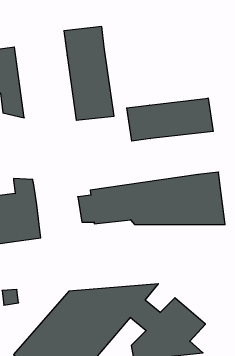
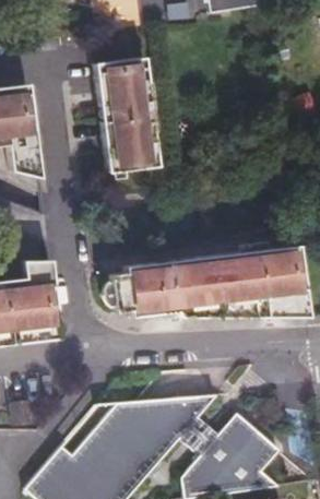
building: [127,98,213,141] -> none

